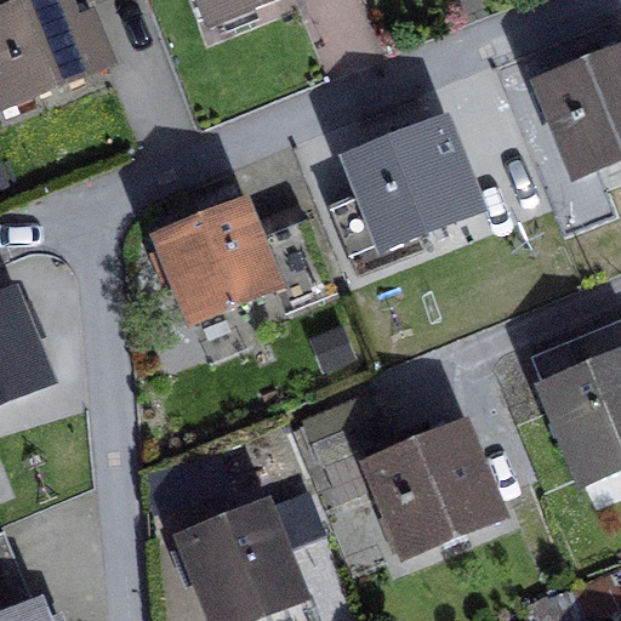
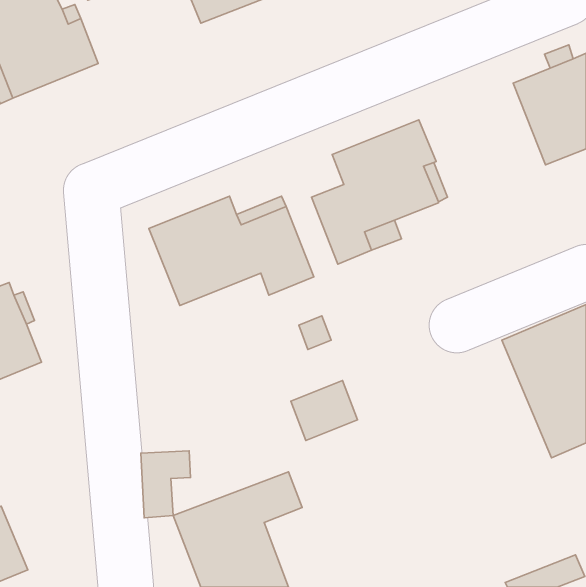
building: [366,428,496,554] -> none

